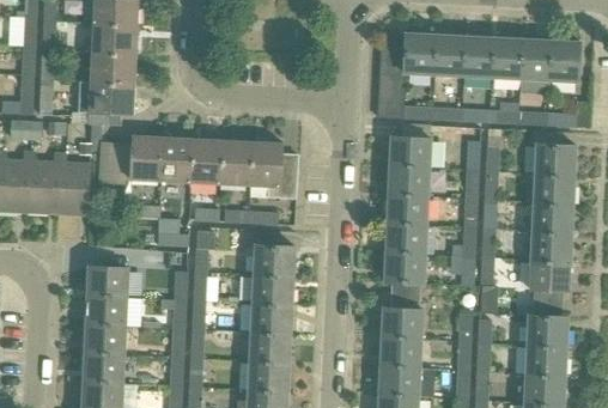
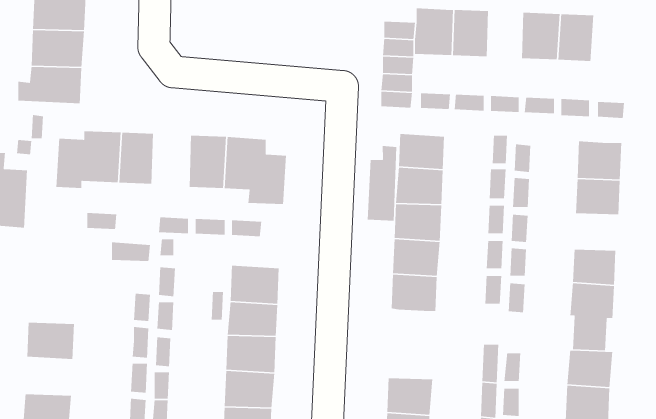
building: [463,38,492,78] -> none
building: [548,42,577,81] -> none
building: [189,139,220,183] -> none
building: none -> [367,145,397,221]
building: [534,205,571,235] -> none
building: [87,249,127,294] -> none
building: [382,284,420,340] -> none
building: [85,322,124,353] -> none

